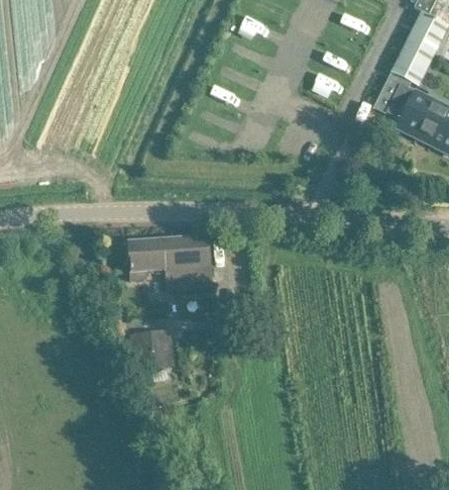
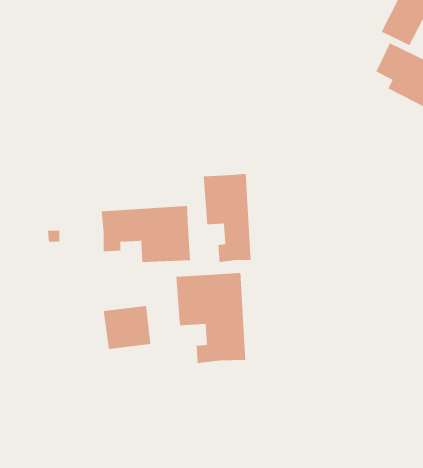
building: none -> [203,173,251,263]
building: none -> [176,272,246,364]

